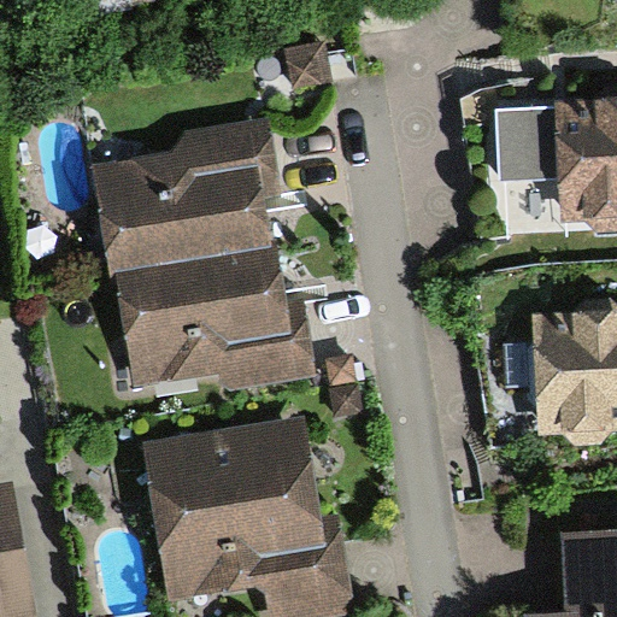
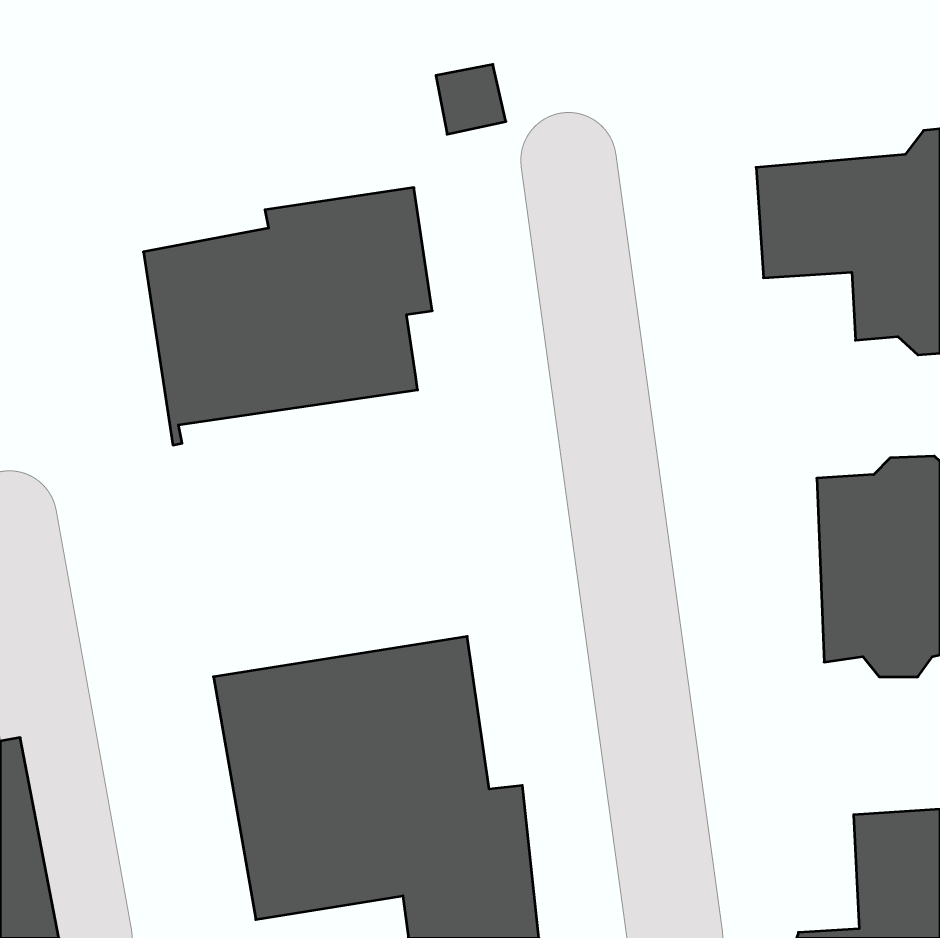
building: [117,246,316,389] -> none

